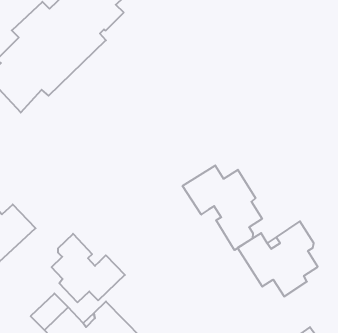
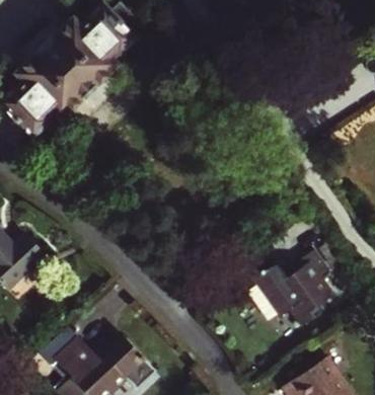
building: [183,165,262,250] -> none
building: [52,234,125,302] -> none

